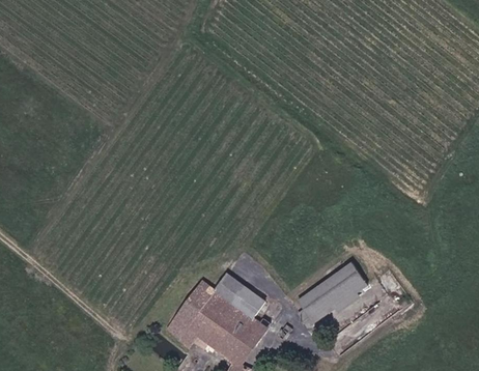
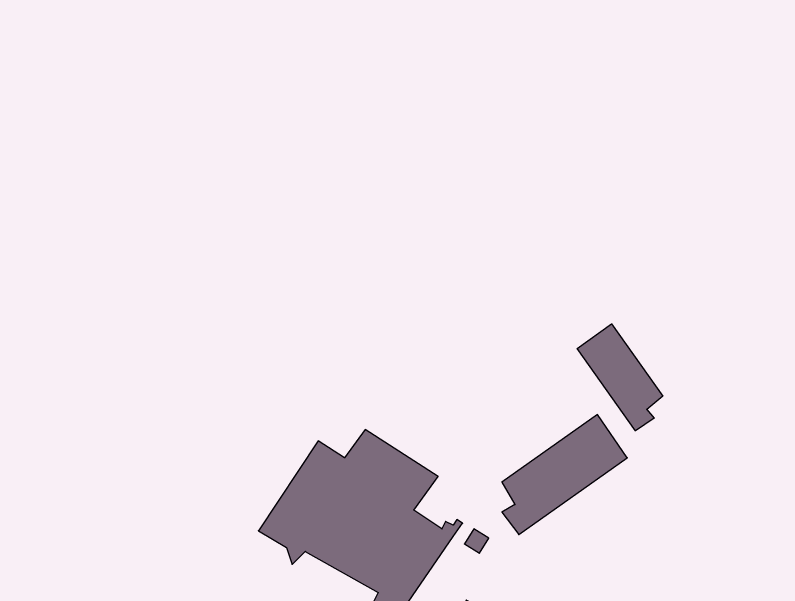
building: none -> [577,324,663,431]

